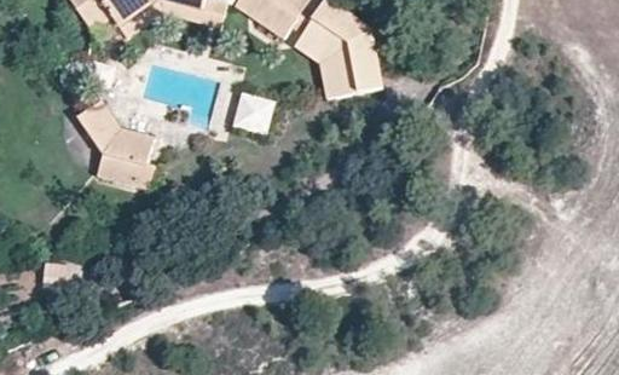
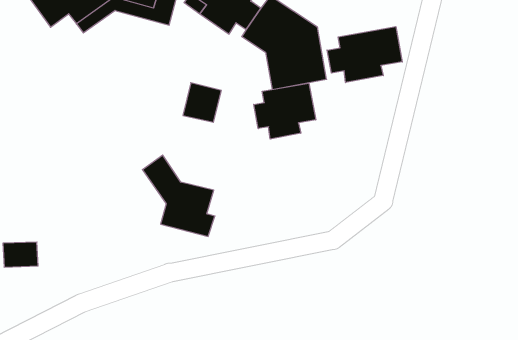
building: none -> [327,27,402,83]
building: none -> [254,83,316,139]
building: [76,100,154,188] -> [142,155,215,236]

